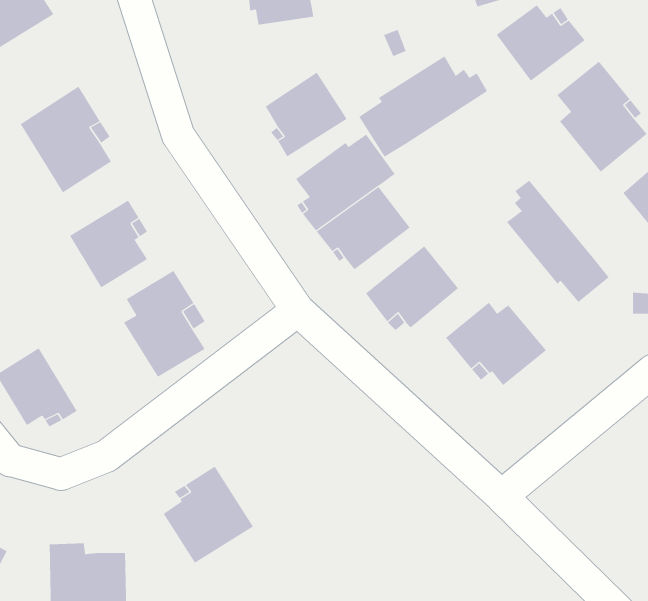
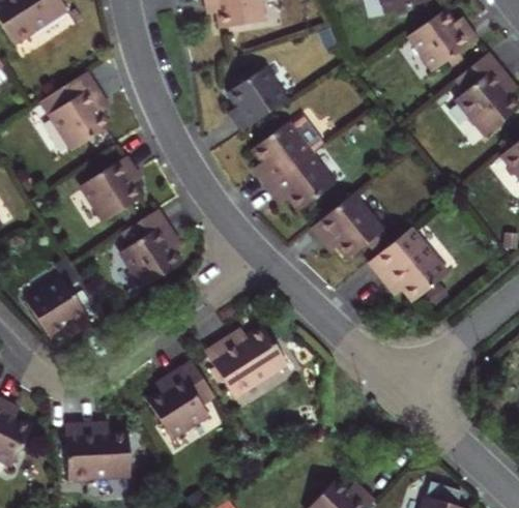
building: [358,56,488,158] -> none
building: [506,180,610,303] -> none
building: none -> [208,322,289,394]

